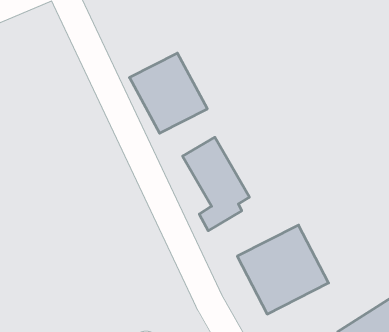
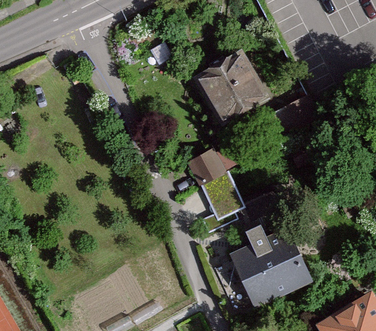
building: [129,53,207,133] -> [198,50,268,122]

